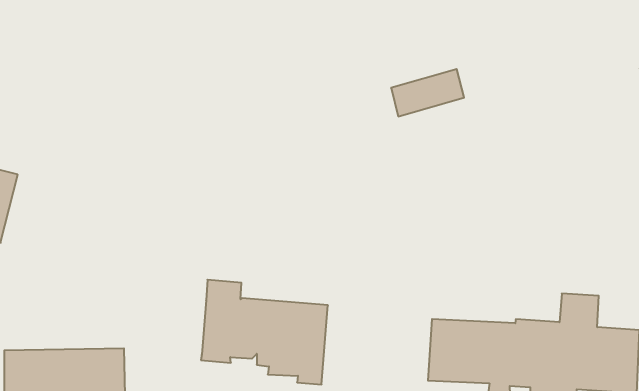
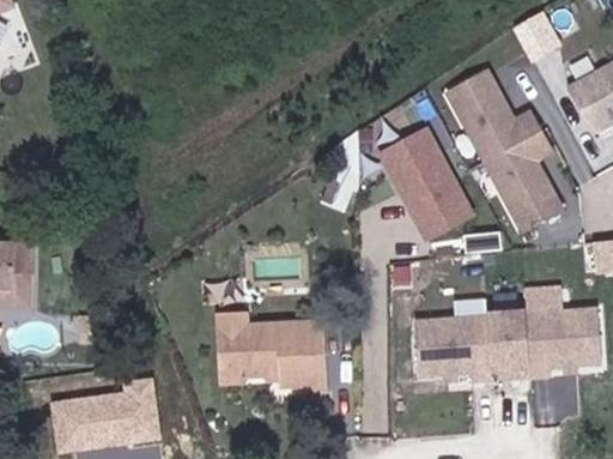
building: none -> [439,67,566,237]
building: none -> [381,134,482,247]

